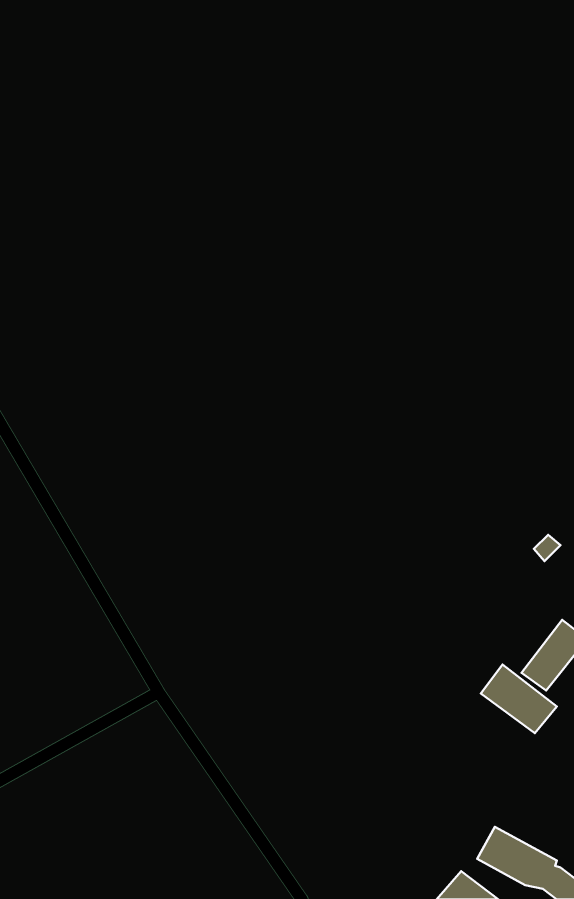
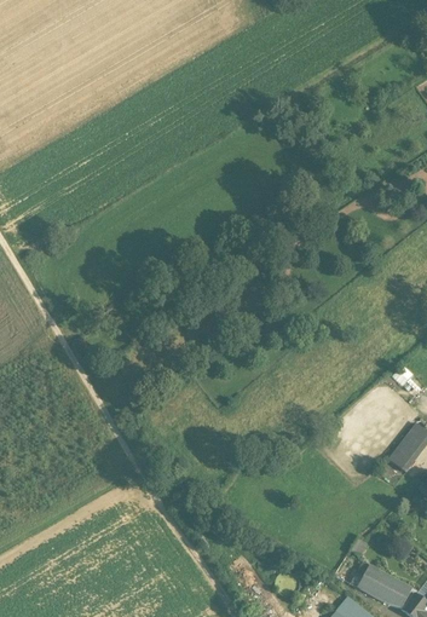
building: [481,665,557,733] -> none

